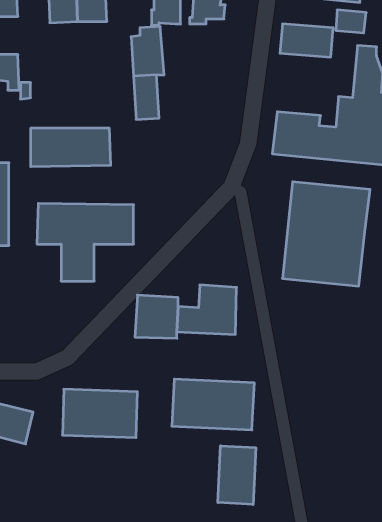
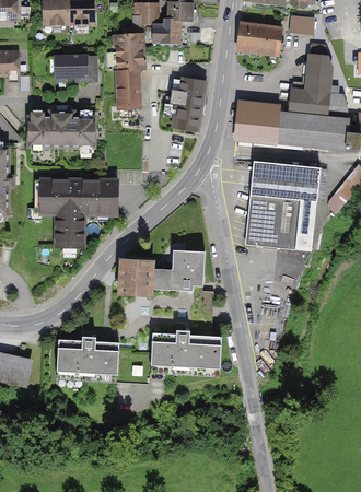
building: none -> [152,24,178,42]
building: none -> [57,55,100,81]
building: none -> [167,78,203,130]
building: [218,446,256,505] -> none

